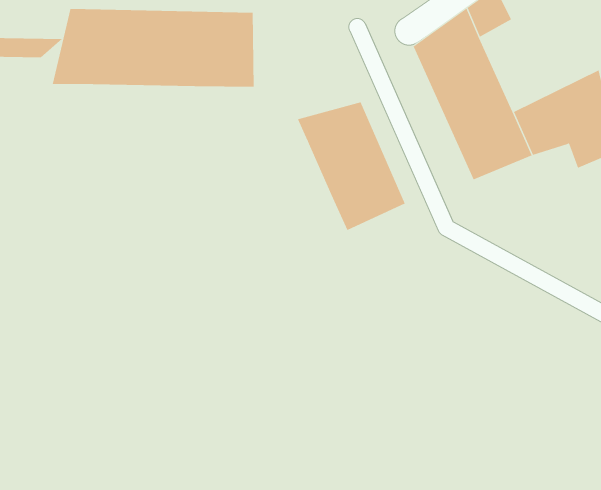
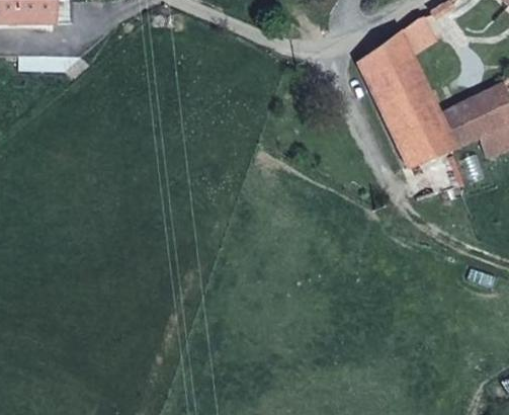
building: [52,8,254,87] -> none
building: [297,102,405,231] -> none

